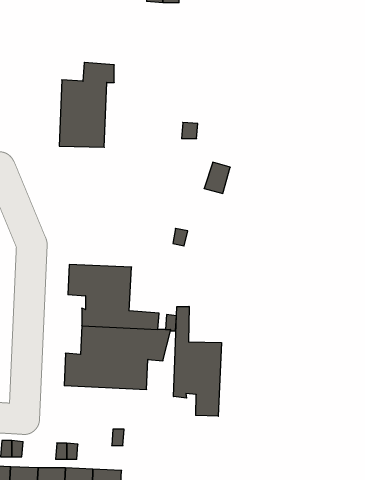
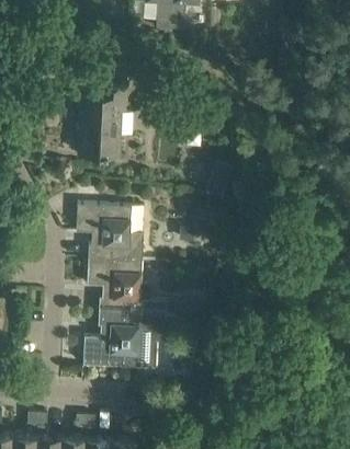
building: none -> [75,205,143,262]
building: [174,306,221,416] -> none

